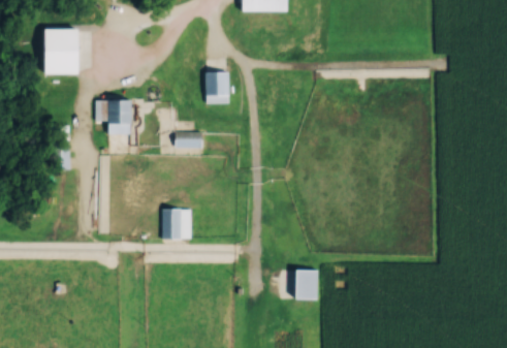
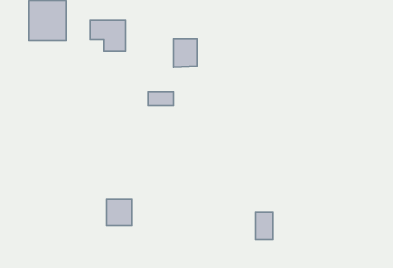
building: [93,100,133,135] -> [90,20,126,51]
building: [162,208,191,238] -> [106,199,132,225]

